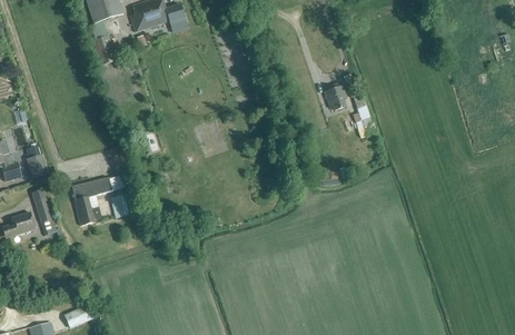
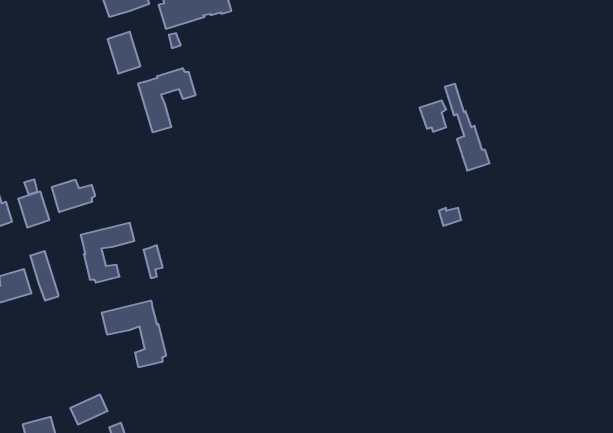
building: none -> [138,68,195,132]
building: none -> [52,180,95,212]
building: none -> [102,301,166,367]

